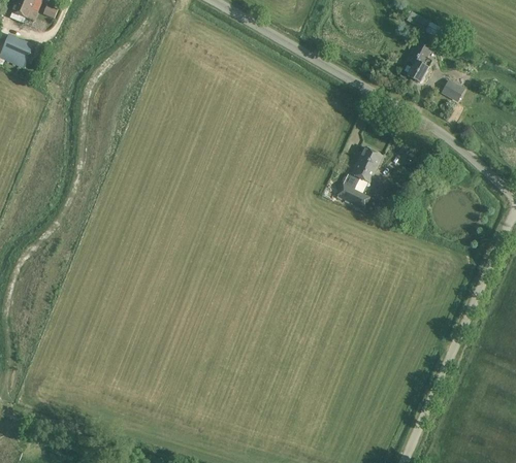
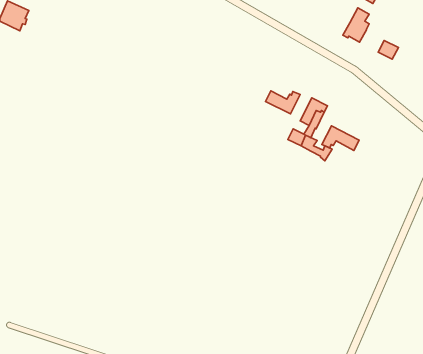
building: none -> [266,91,300,114]
building: none -> [322,126,359,151]

